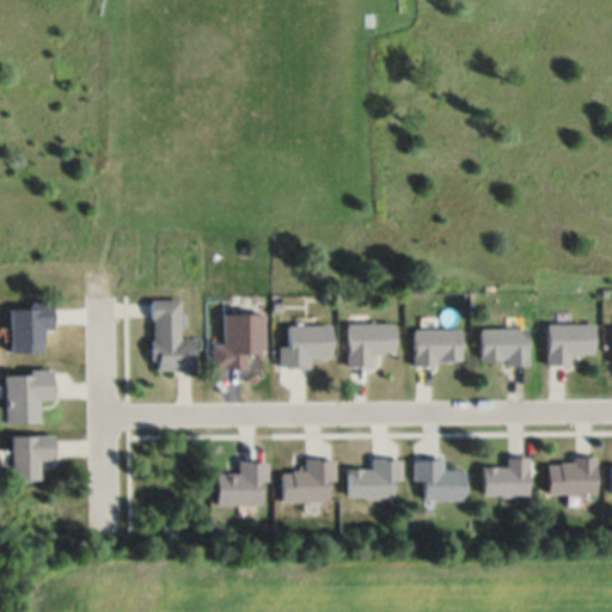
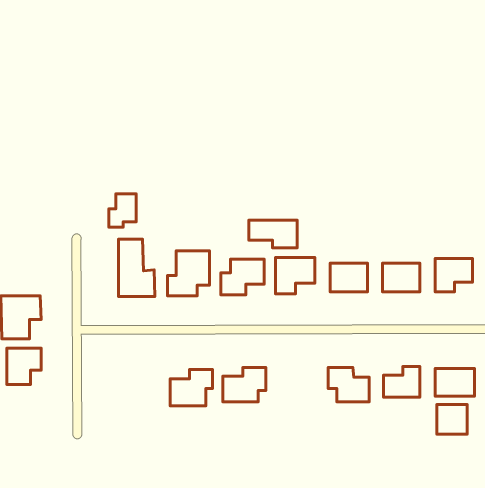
building: none -> [109,194,136,227]
building: none -> [249,220,297,248]
building: [13,304,56,354] -> none
building: [349,459,404,500] -> none
building: none -> [437,404,467,434]

